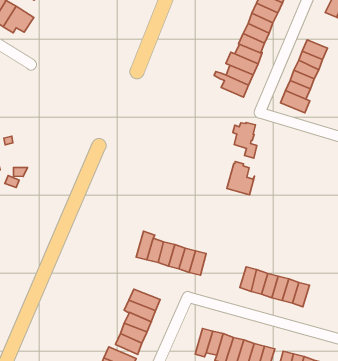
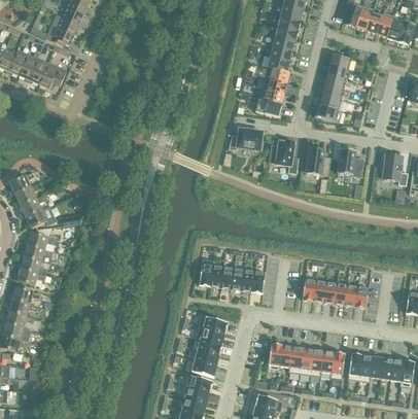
building: none -> [229,128,263,150]
building: none -> [337,148,363,177]
building: [227,162,254,195] -> [306,145,330,175]

